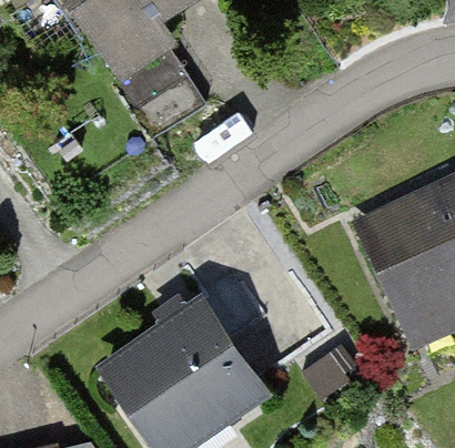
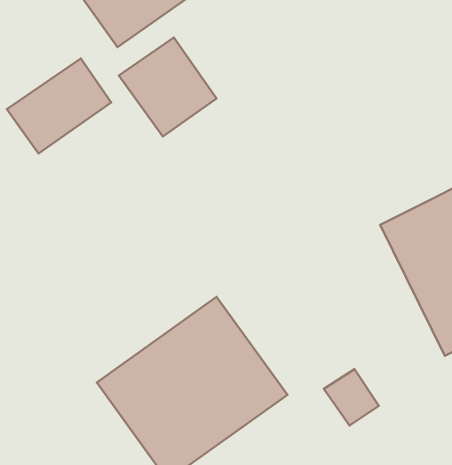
building: none -> [7,59,111,153]

